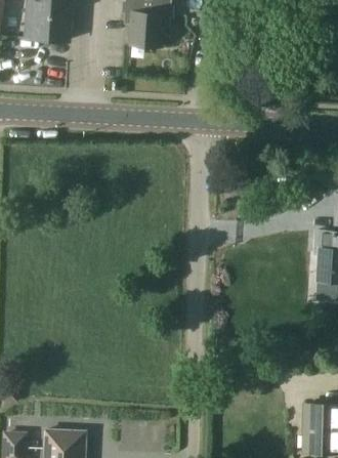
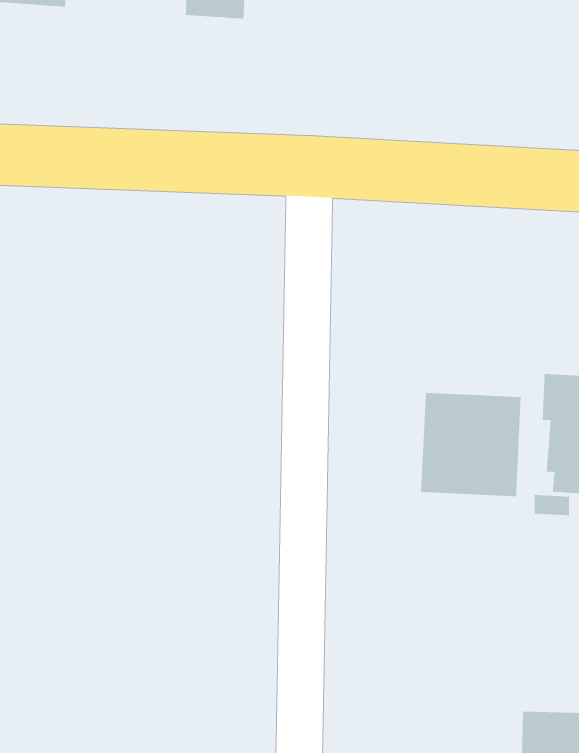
building: none -> [420,392,522,497]

